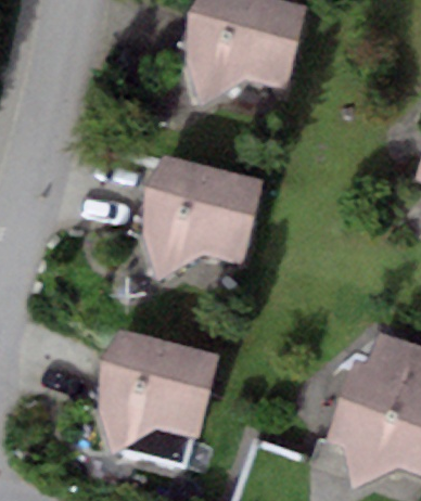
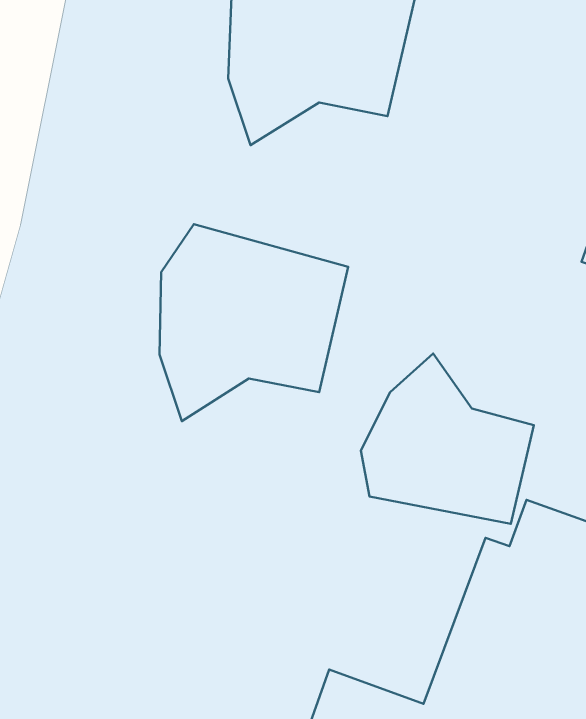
building: none -> [361,353,534,524]
building: [100,327,219,452] -> none

